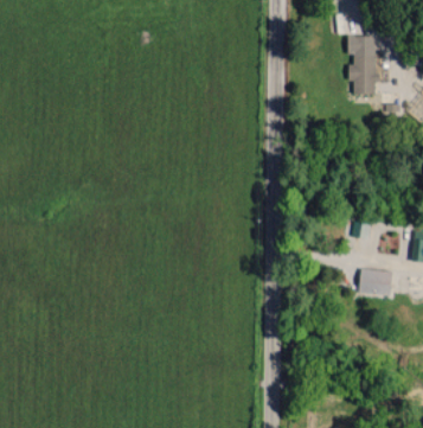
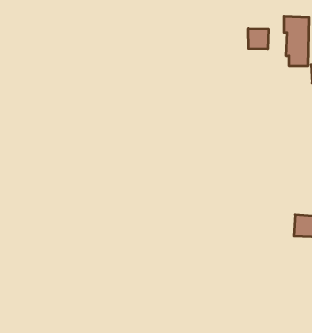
building: none -> [248,28,268,49]

